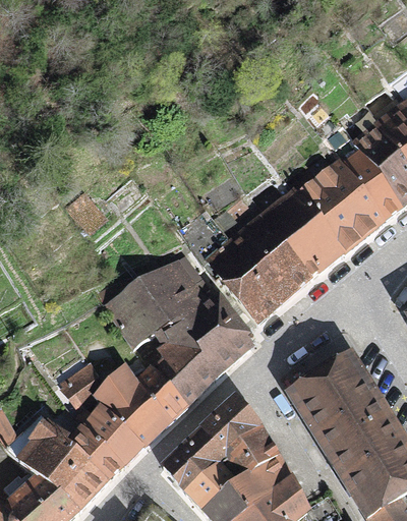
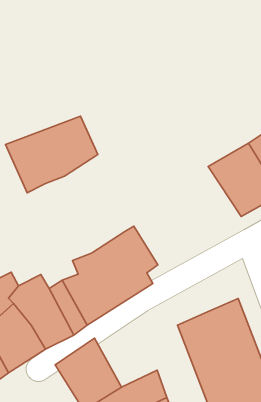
building: [207,198,342,328] -> none
building: [104,255,212,354] -> [5,116,98,193]
building: [198,392,277,475] -> none

